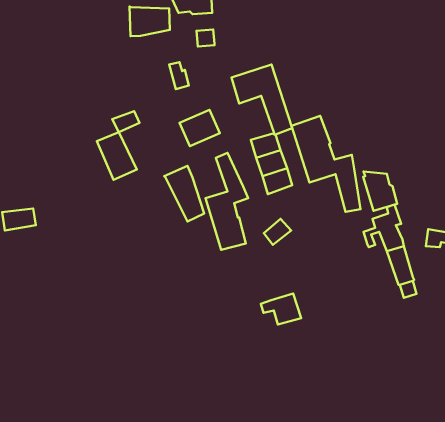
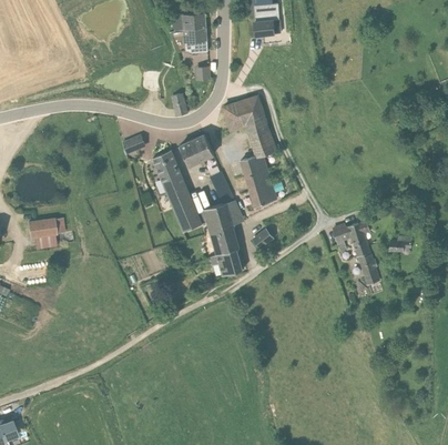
building: [129,6,170,36] -> none
building: [292,116,360,212] -> none
building: [97,132,137,180] -> [152,150,186,191]
building: [363,172,397,211] -> none
building: [261,294,301,325] -> [208,249,243,275]

